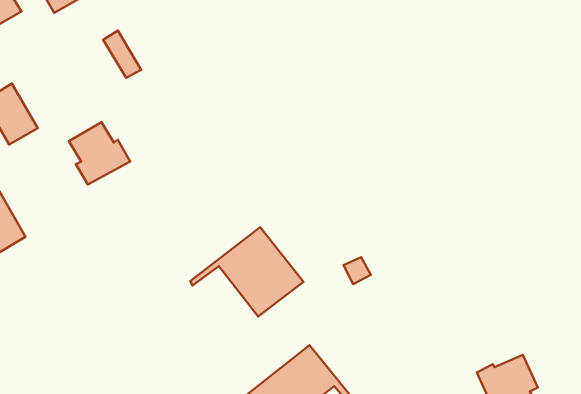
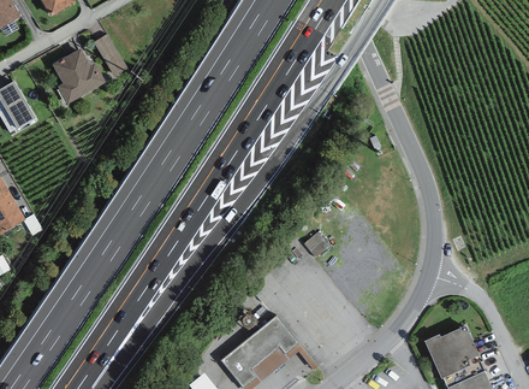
building: [69,122,130,185] -> [50,49,105,105]
building: [190,227,303,317] -> none

